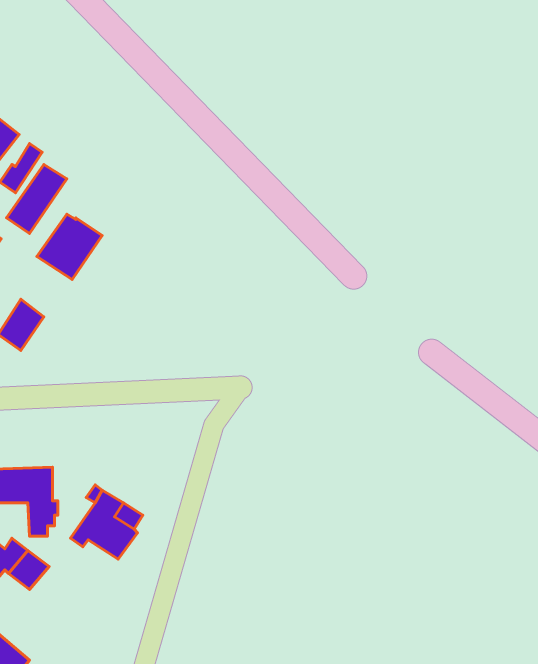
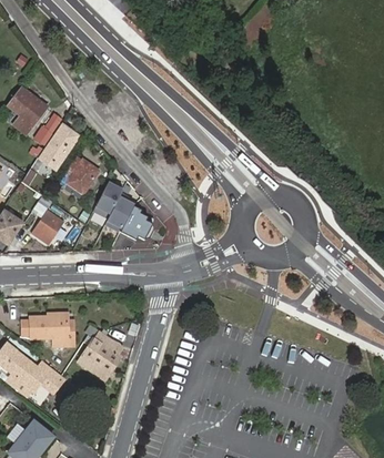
building: none -> [91,181,151,242]

